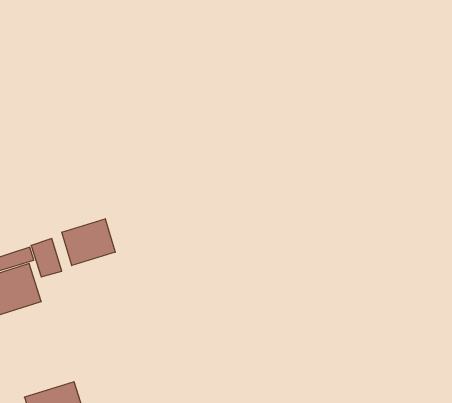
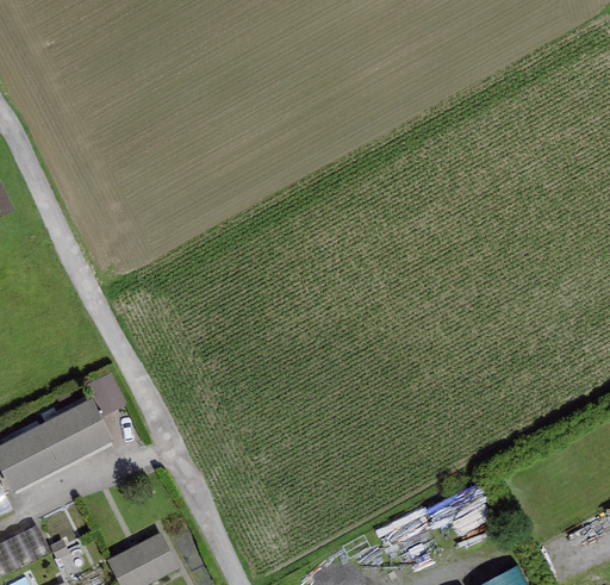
building: [62,219,115,266] -> none

